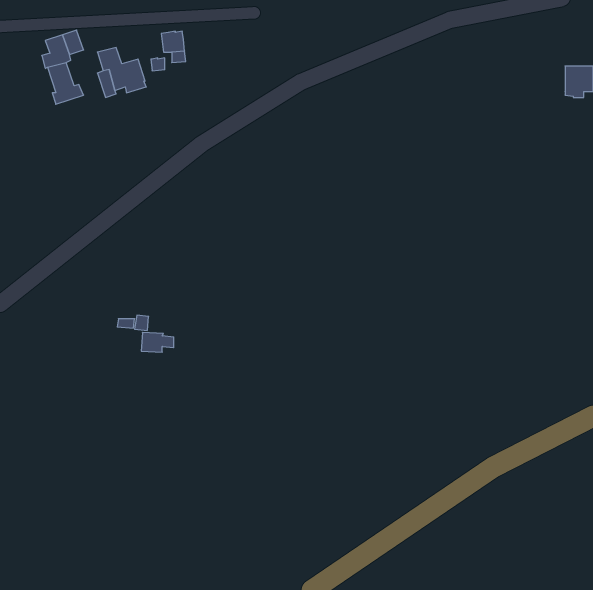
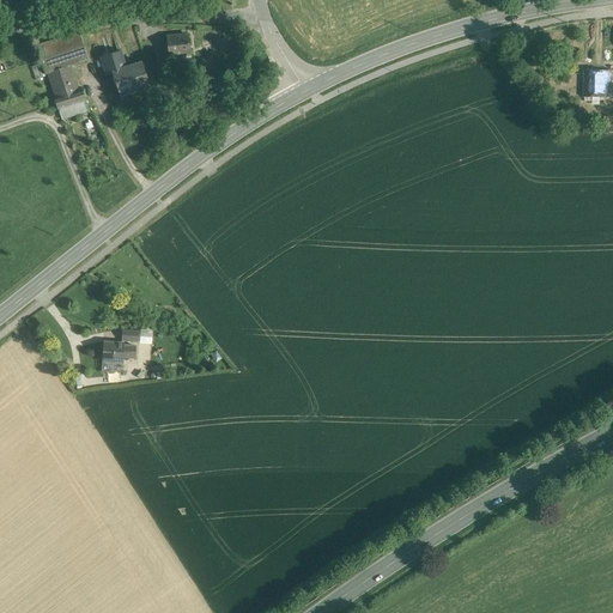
building: [141,332,174,352] -> [102,340,135,360]

